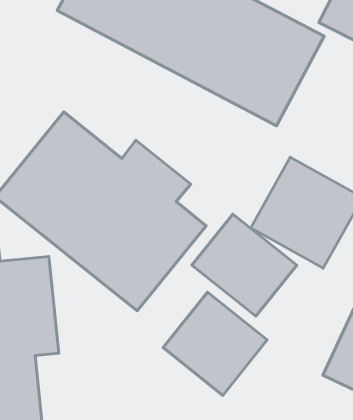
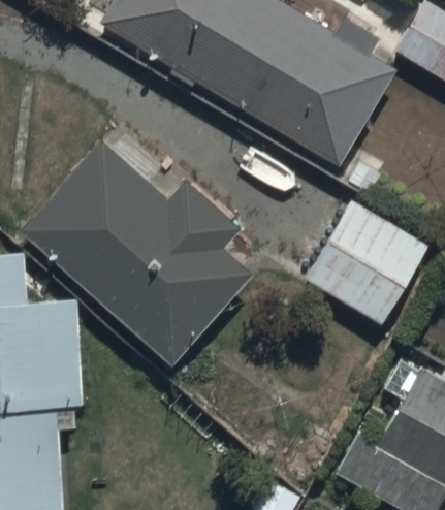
building: [192,214,297,316] -> none
building: [163,292,267,395] -> none

